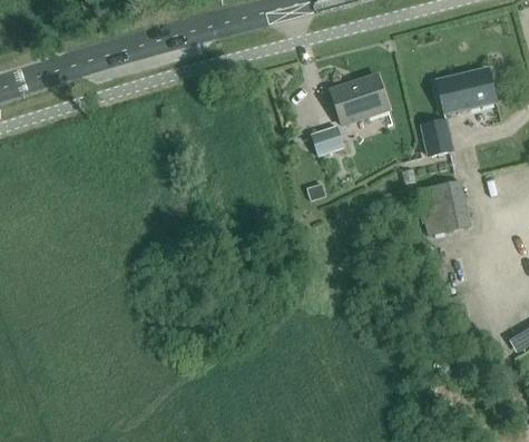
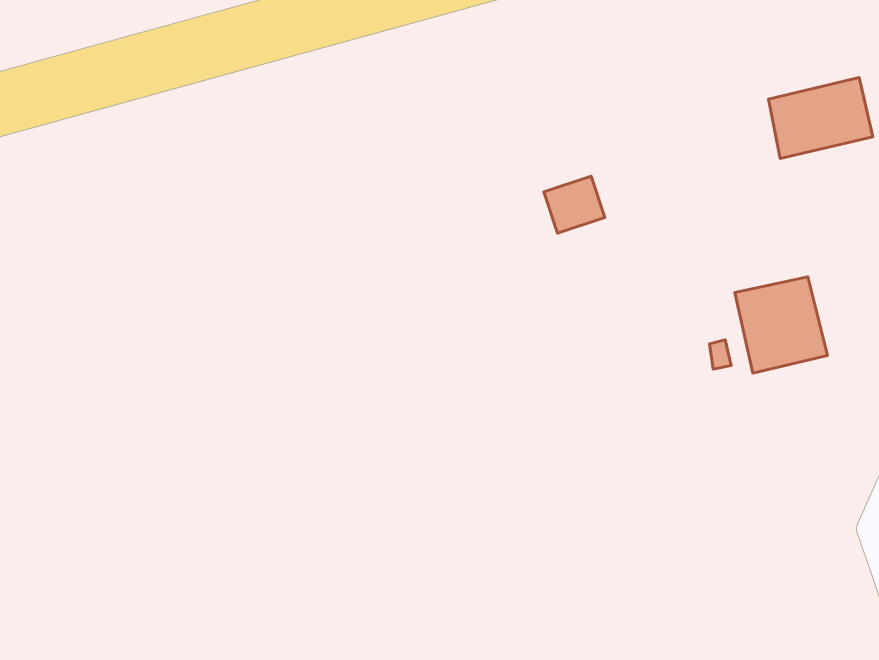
building: [331,75,390,124] -> none
building: [422,118,453,155] -> none

